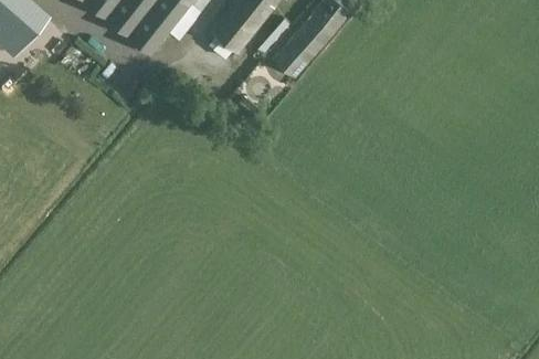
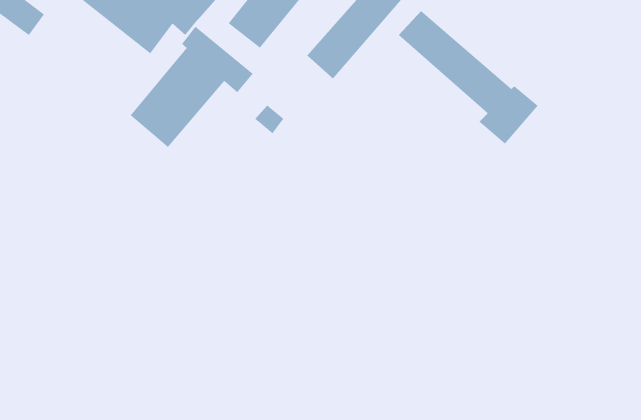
building: none -> [398,10,538,145]
building: none -> [130,26,253,148]

